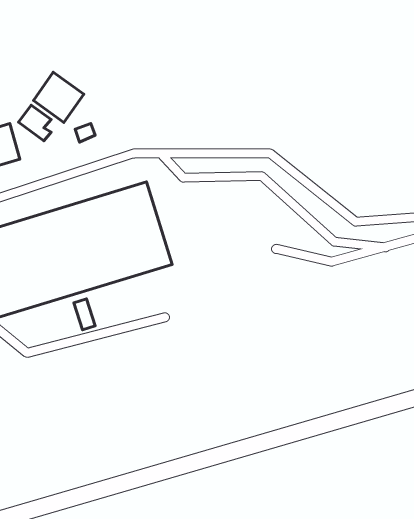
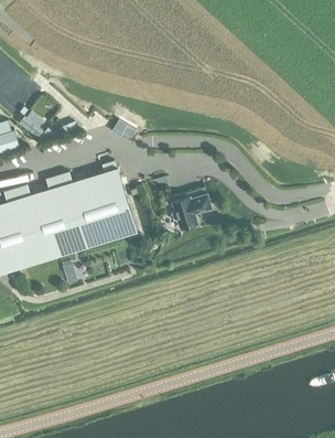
building: [33,72,84,122] -> none
building: none -> [171,195,210,228]

